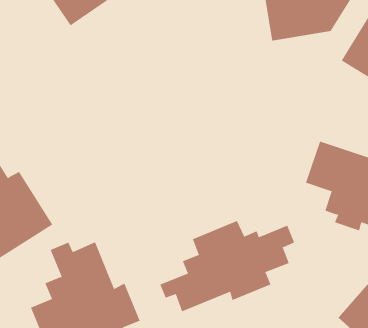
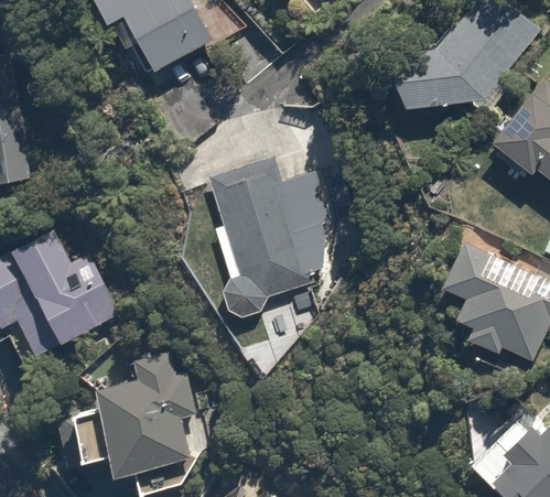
building: none -> [211,158,327,320]
building: [160,220,295,312] -> none

